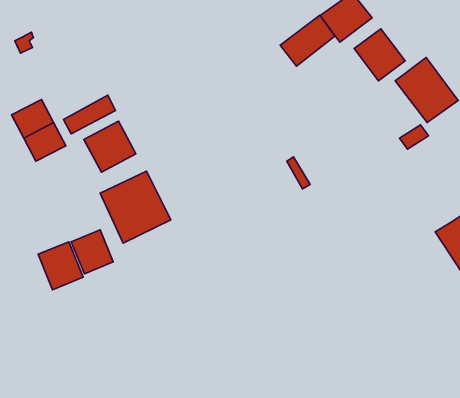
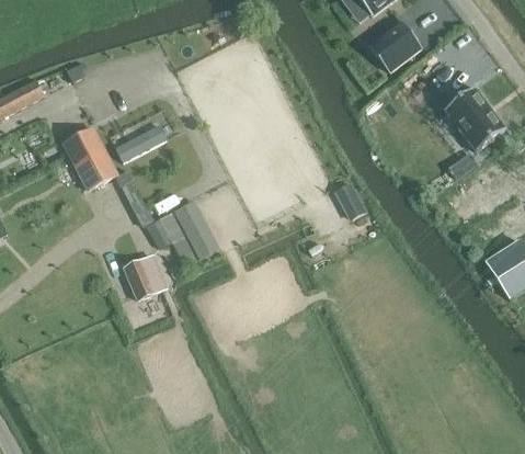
building: [280,15,335,66] -> none
building: [84,121,136,172] -> none
building: [38,242,83,290] -> none

